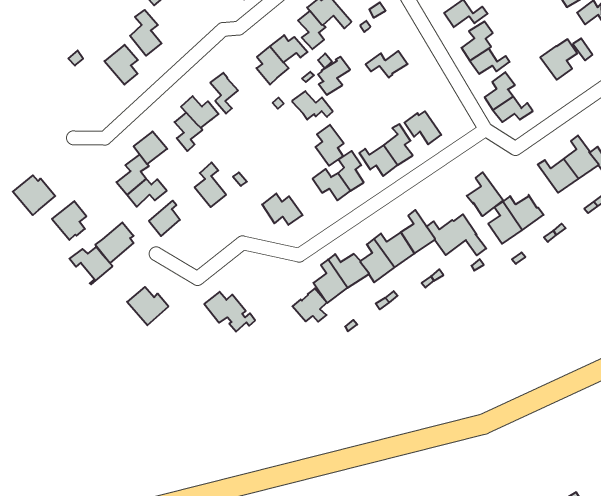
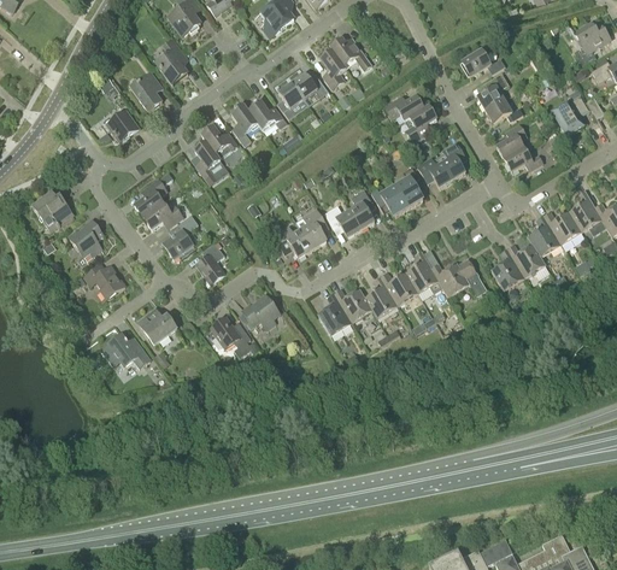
building: [318,57,350,95] -> [405,105,436,141]
building: [292,91,333,120] -> [248,101,287,129]
building: none -> [437,141,465,180]
building: [315,125,344,166] -> [300,208,328,248]
building: [134,131,167,164] -> [106,110,139,141]
building: [195,162,226,207] -> [195,241,225,284]
building: [467,172,503,216] -> [527,215,562,257]
building: [95,222,134,263] -> none
building: [292,288,327,322] -> [242,294,276,327]
building: none -> [101,334,149,366]

